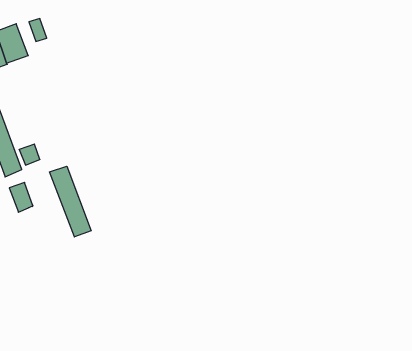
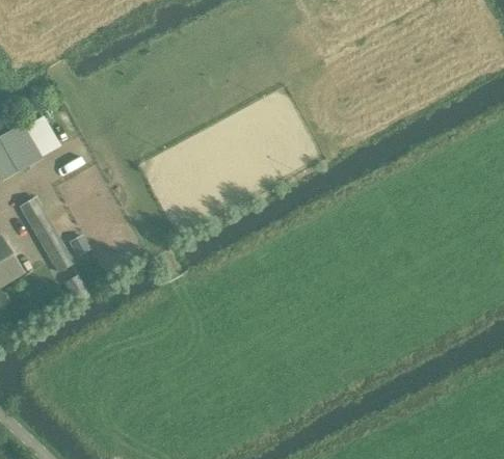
building: [49,166,91,237] -> none

